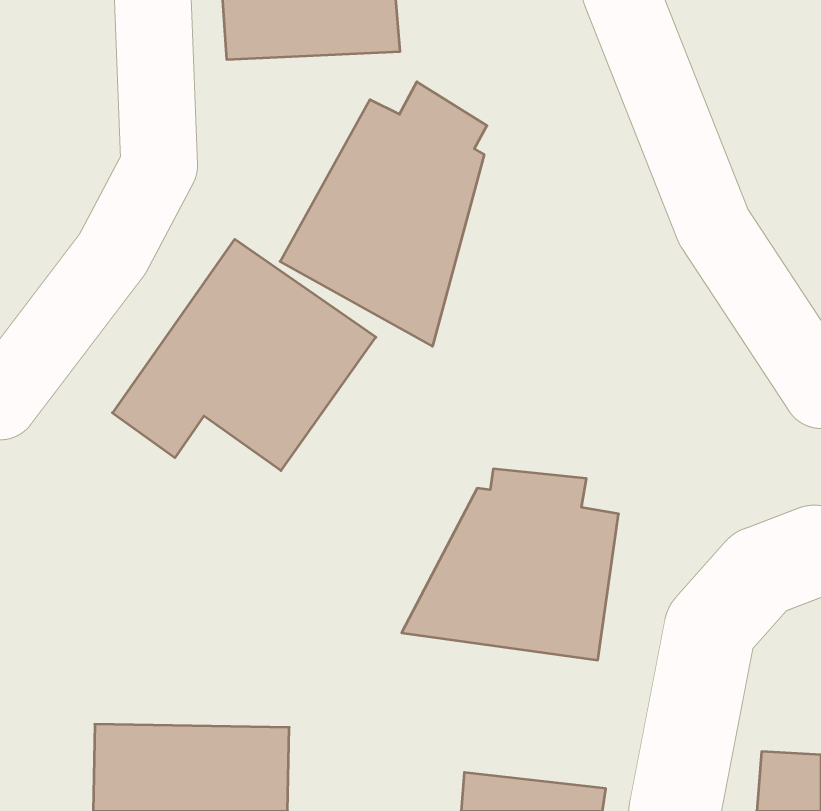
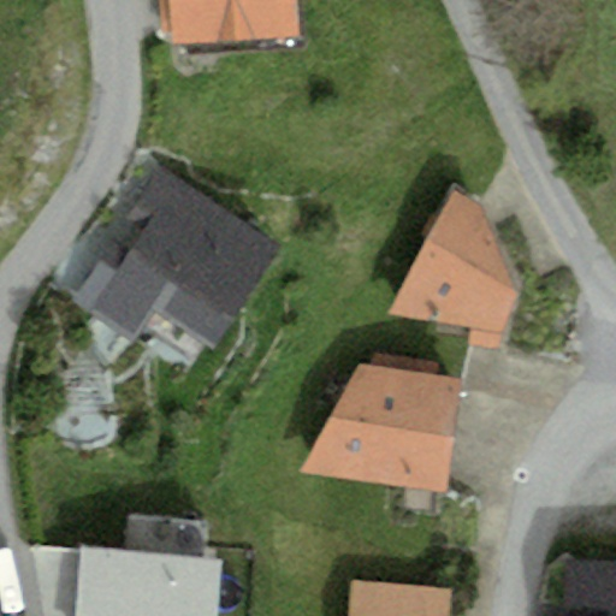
building: [280,82,487,346] -> none
building: none -> [384,191,520,355]

